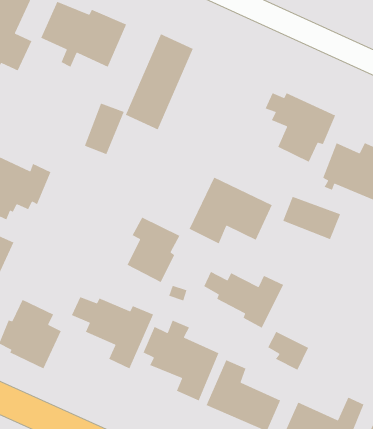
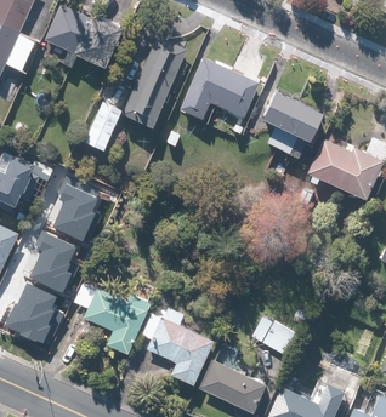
building: [188,177,273,245] -> [177,58,257,122]
building: [282,196,341,240] -> none
building: [127,216,180,283] -> [47,183,98,246]
building: none -> [27,232,76,295]
building: [203,271,284,329] -> none

